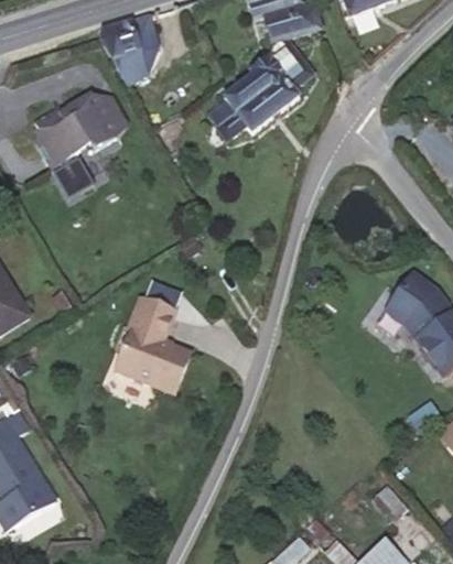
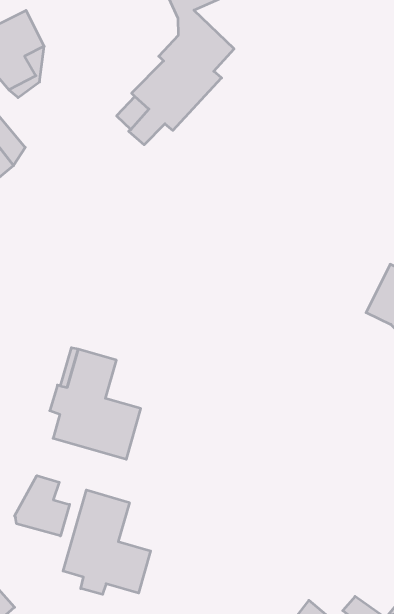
building: none -> [15,476,70,536]
building: none -> [63,490,151,594]

